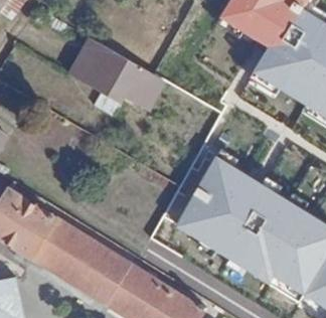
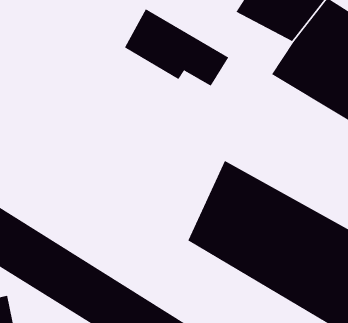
building: [68,39,163,110] -> [124,9,229,87]

